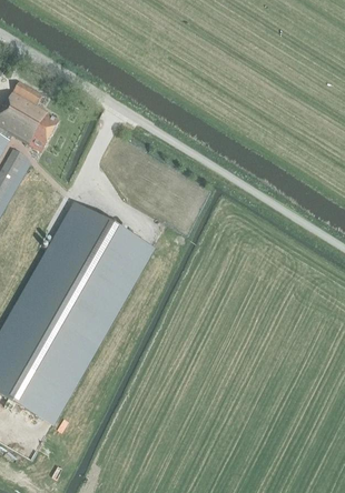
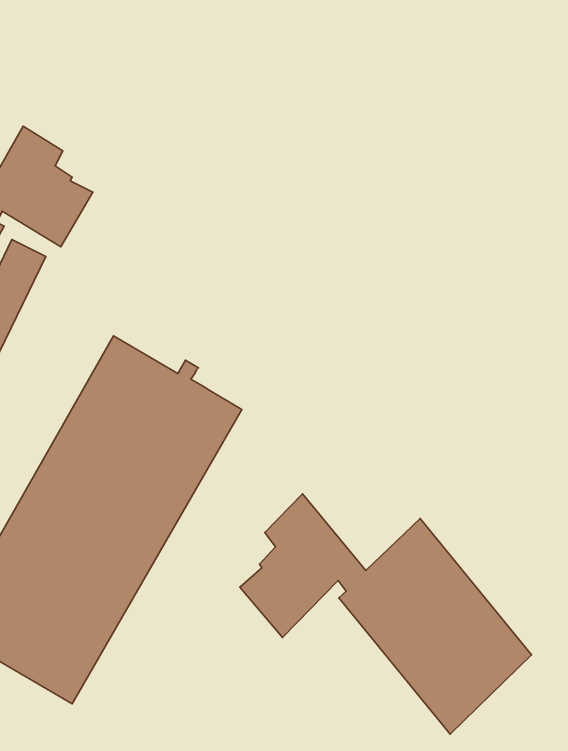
building: none -> [240,494,531,734]

